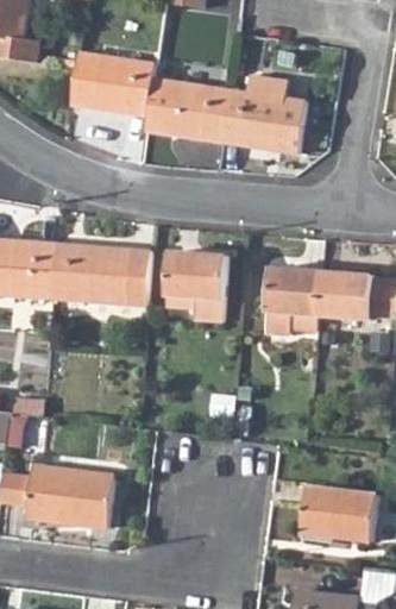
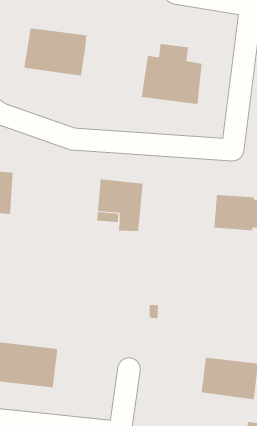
building: [144,77,231,144] -> none
building: [52,243,150,304] -> none
building: [264,268,321,335] -> none

